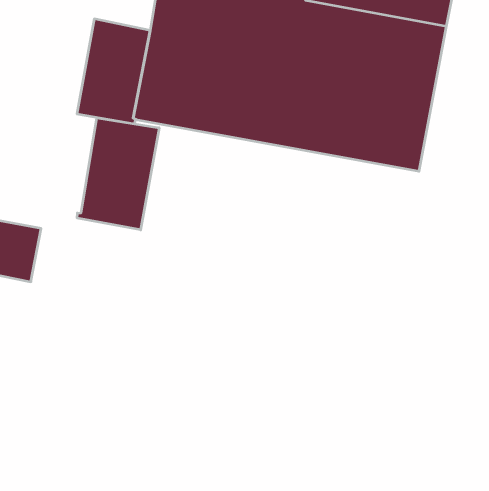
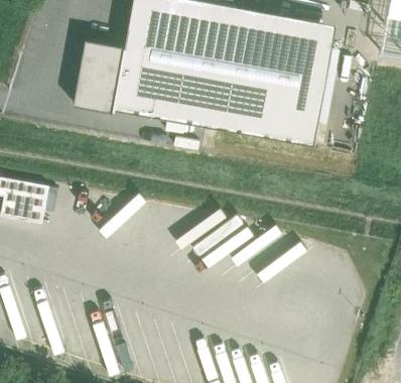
building: [77,118,159,230] -> none

